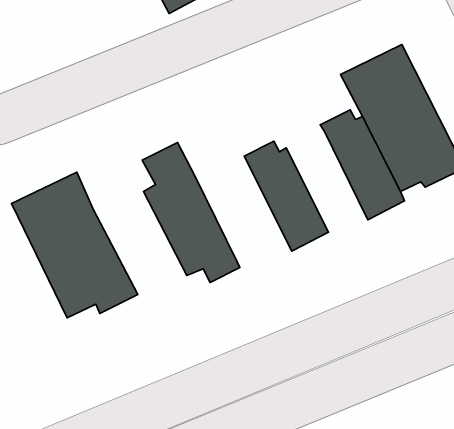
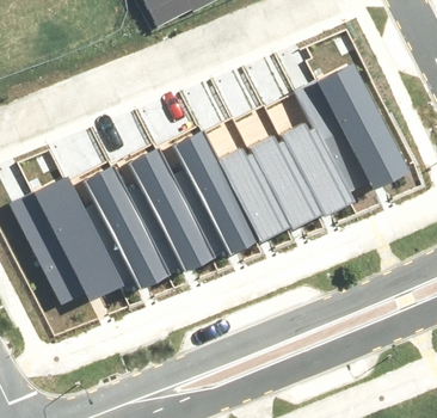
building: none -> [248,133,322,229]
building: none -> [171,135,257,257]
building: none -> [82,164,168,287]

